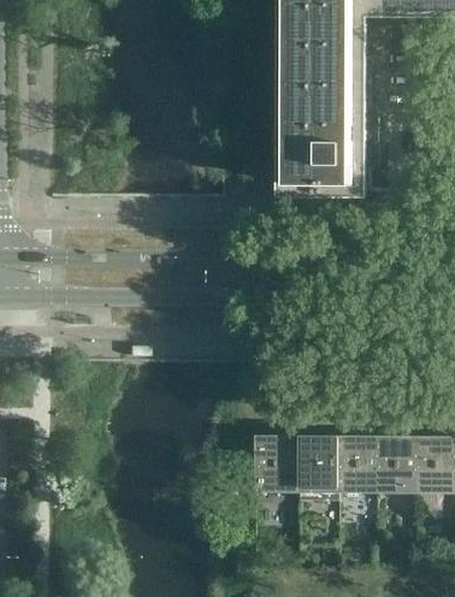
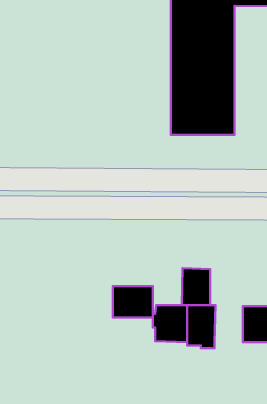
building: none -> [113,286,153,317]
building: [337,435,377,486] -> [182,268,210,305]

